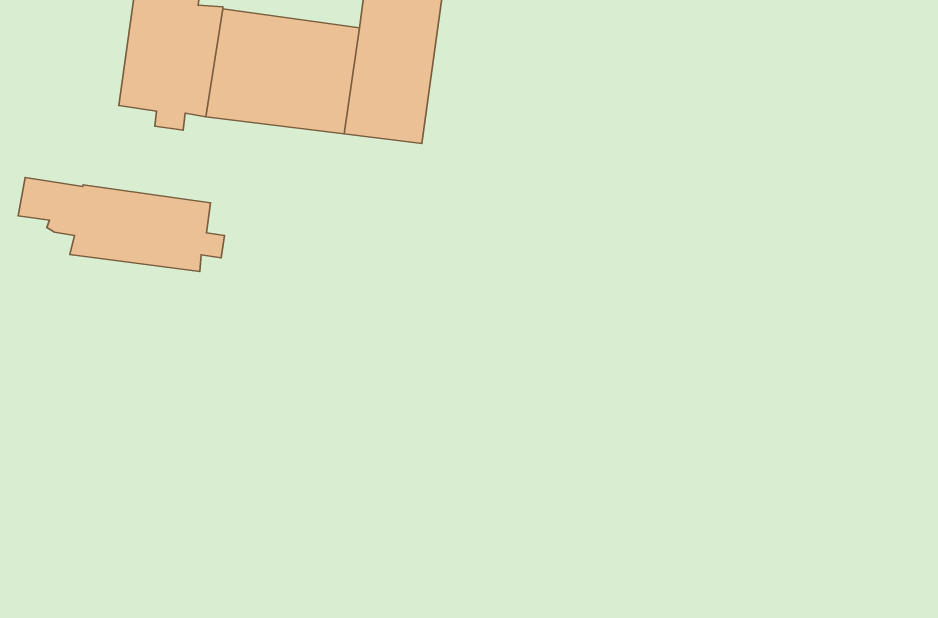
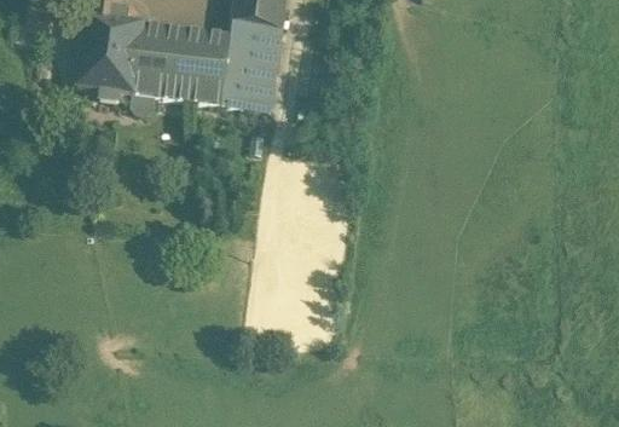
building: [18,177,224,271] -> none

